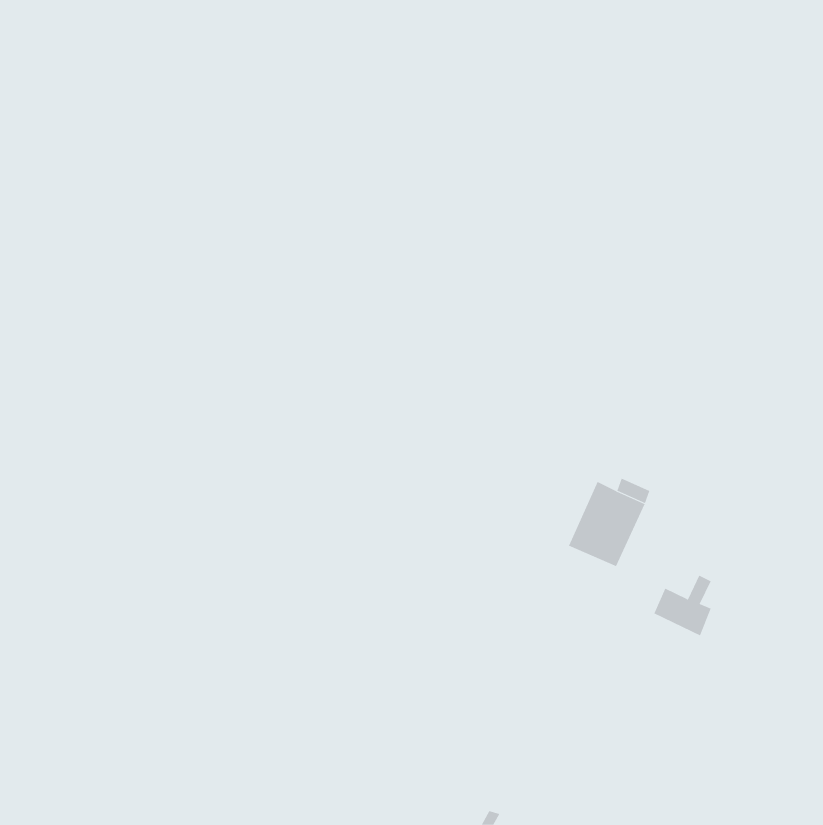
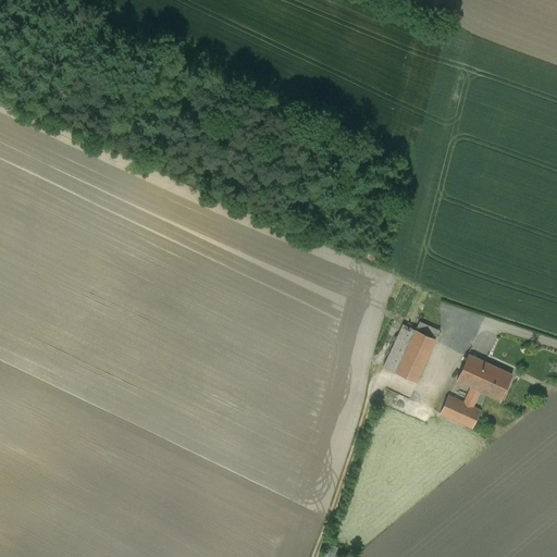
building: none -> [457,355,512,400]

